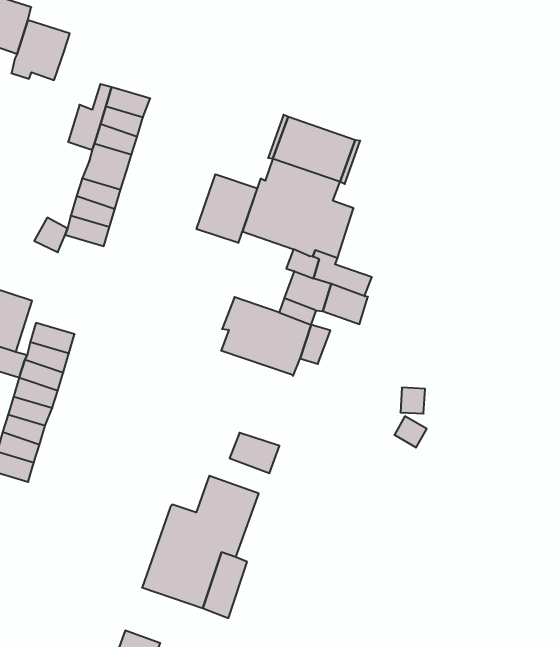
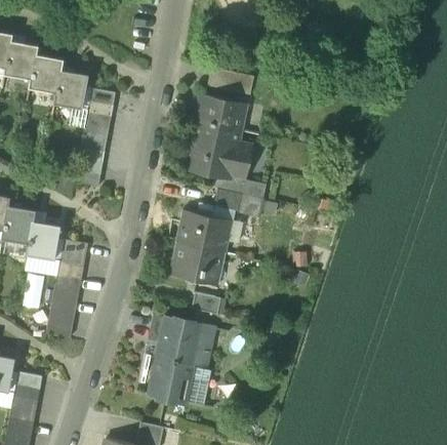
building: none -> [53,70,87,105]
building: none -> [207,67,254,94]
building: [197,174,257,243] -> none
building: none -> [172,242,222,283]
building: none -> [148,314,180,343]

